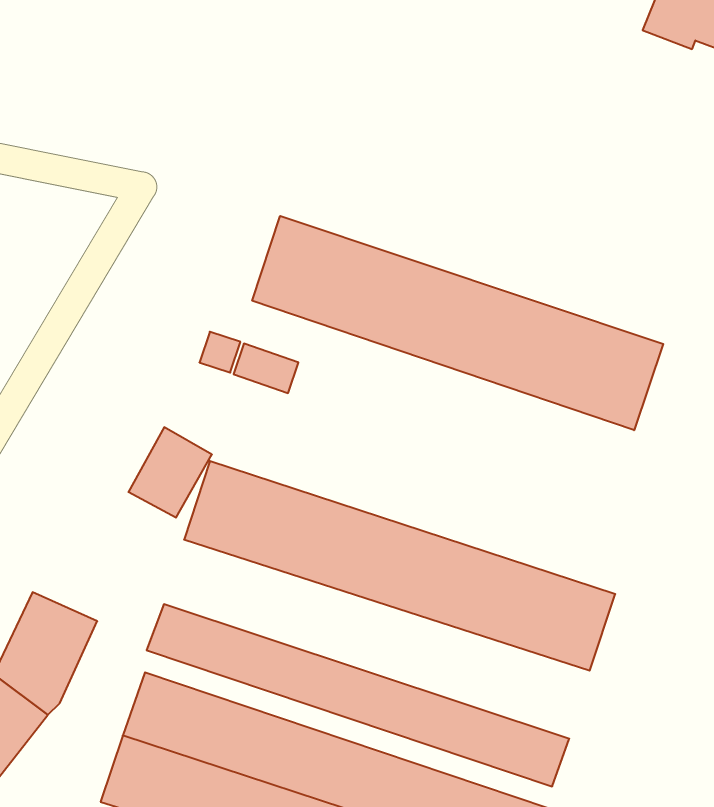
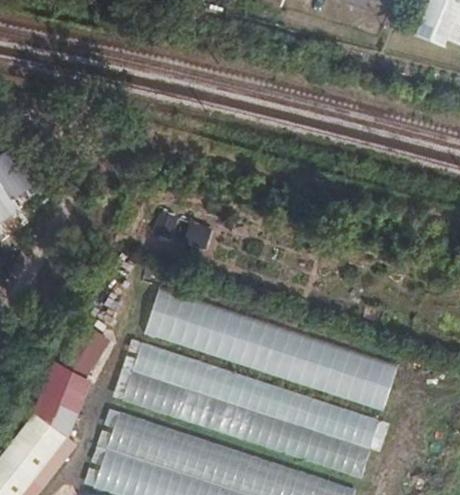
building: [252,216,663,430] -> none
building: [128,427,212,518] -> [61,324,110,377]
building: none -> [133,344,380,451]

